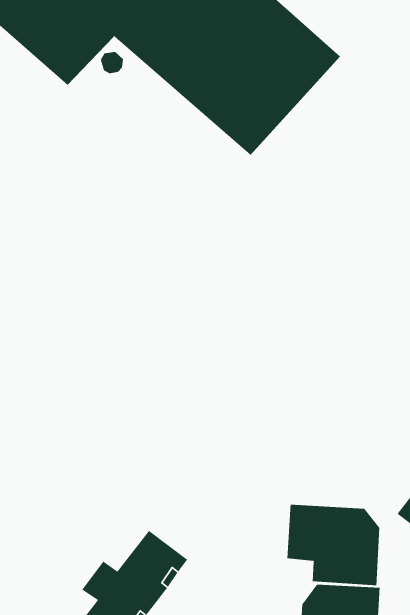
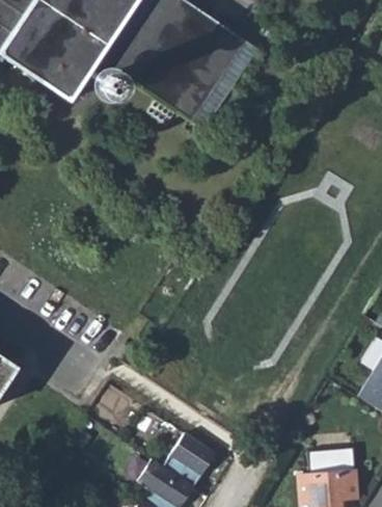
building: [287,504,380,586] -> none

